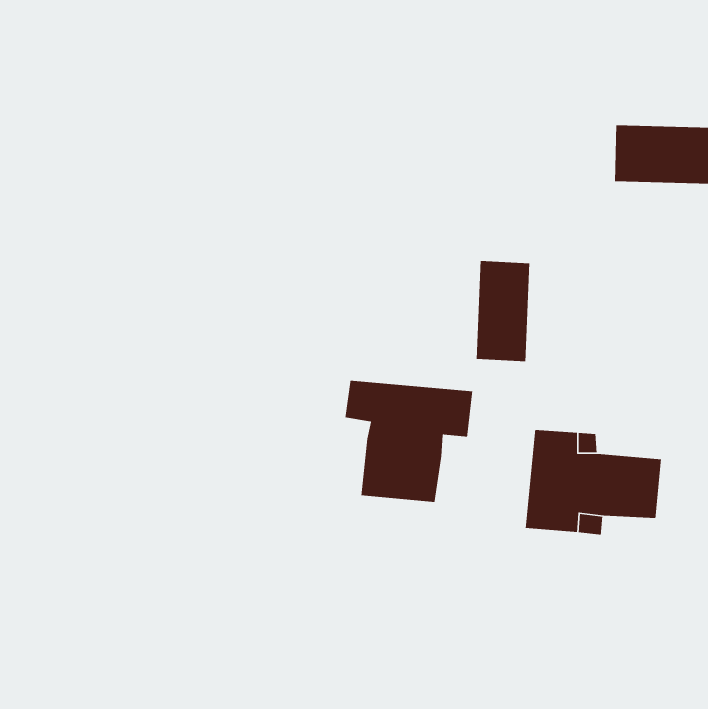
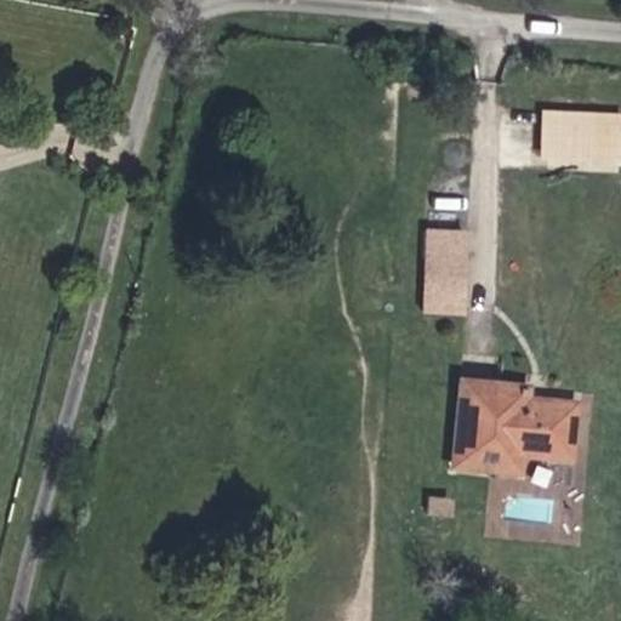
building: [345,380,473,503] -> none

